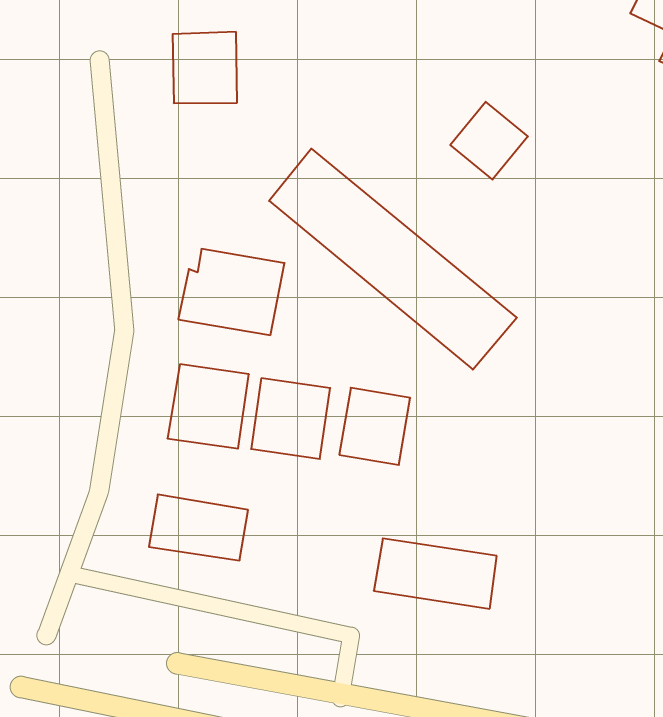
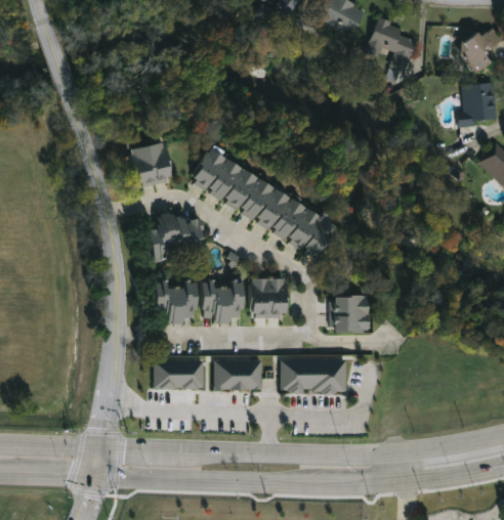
building: [173,32,237,103] -> [129,142,171,187]
building: [450,102,528,180] -> none
building: none -> [332,297,368,333]
building: none -> [216,356,264,384]

